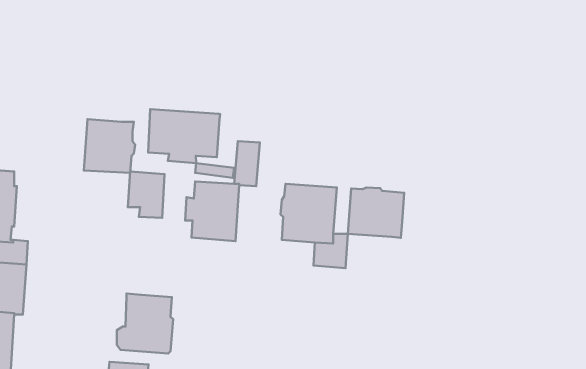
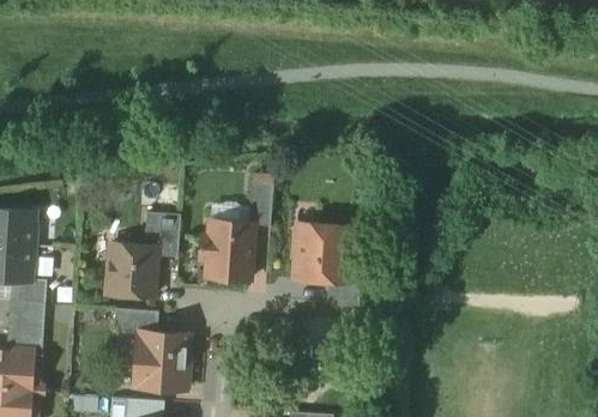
building: [148,109,220,163] -> none
building: [84,119,135,173] -> [107,244,157,297]
building: [348,187,404,238] -> none
building: none -> [114,309,158,334]

